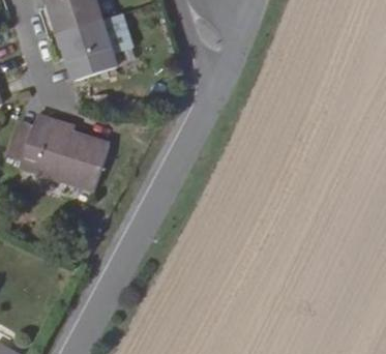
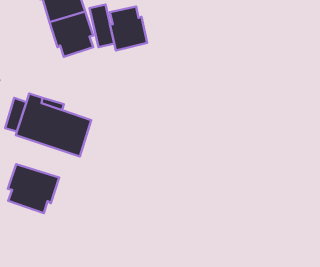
building: none -> [110,6,147,51]
building: none -> [8,164,59,213]

